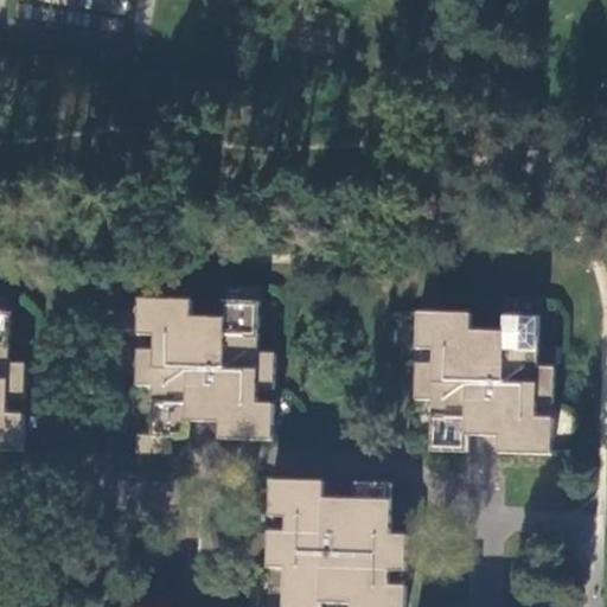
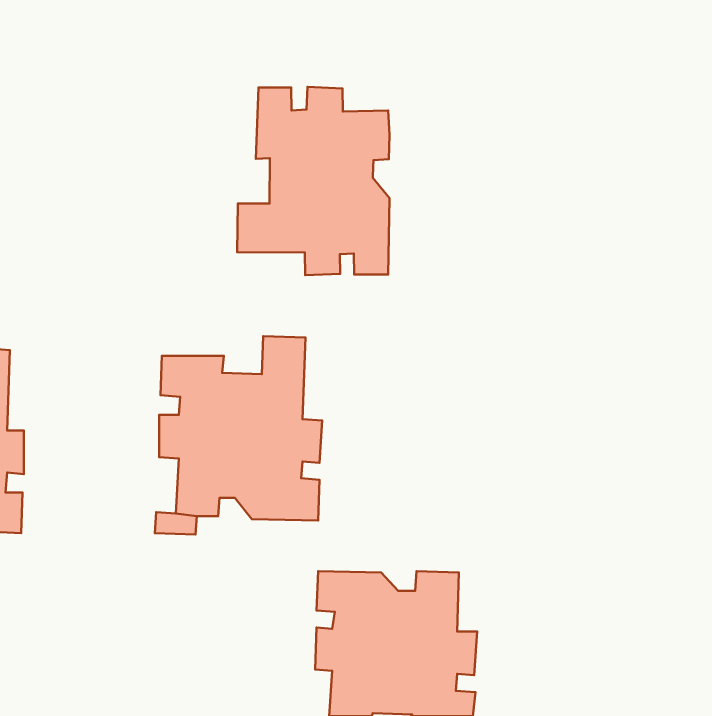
building: none -> [237,87,390,275]
building: [413,299,550,453] -> none

